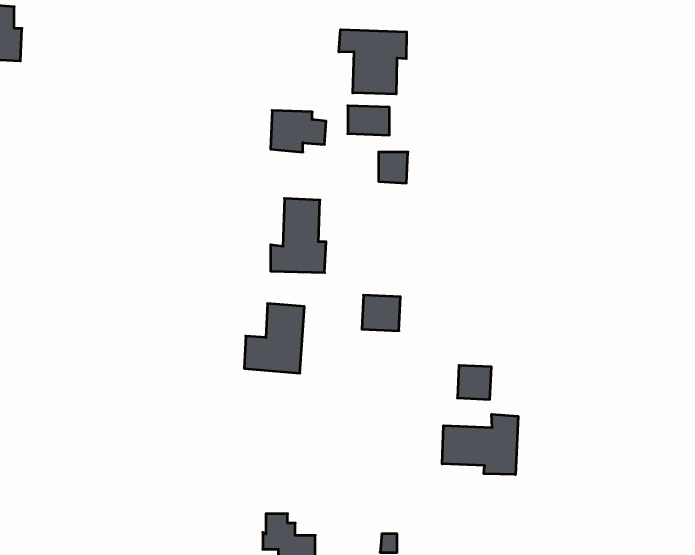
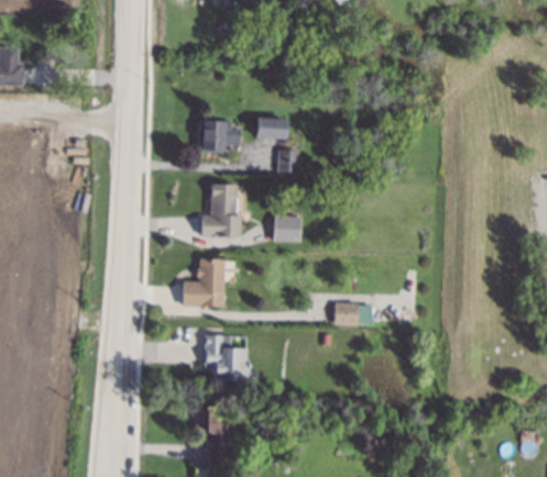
building: [339,30,407,94] -> none
building: [362,295,400,331] -> [274,217,302,242]
building: none -> [205,334,247,381]
building: [442,414,518,475] -> none

